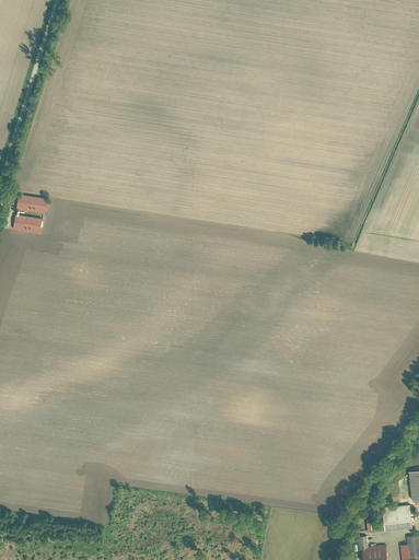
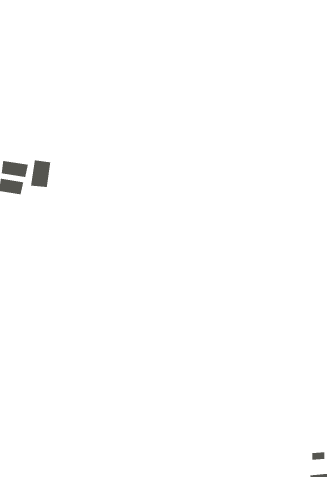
building: none -> [30,159,51,188]

